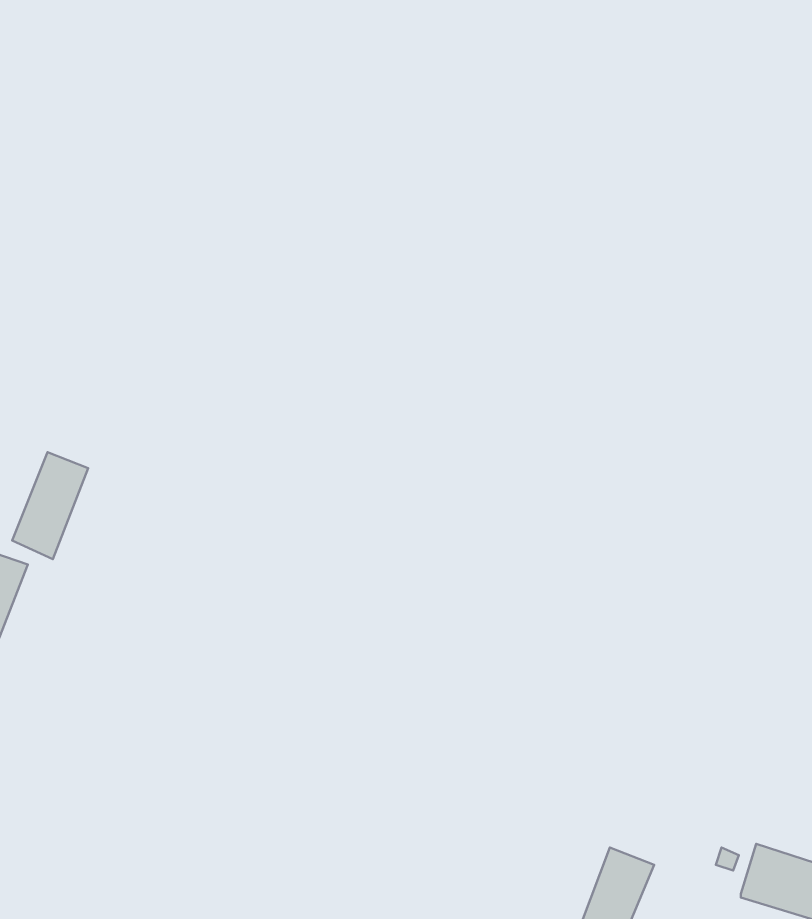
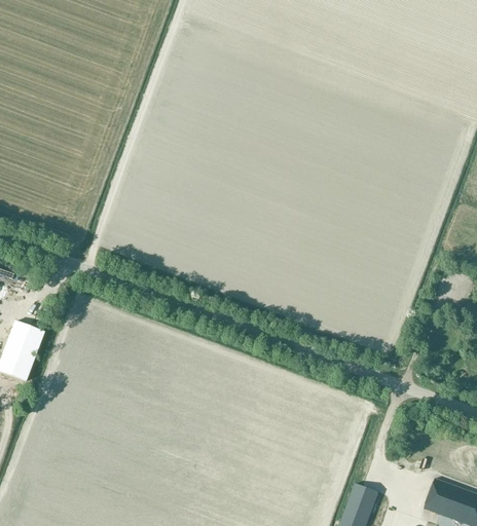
building: [12,452,88,559] -> none

